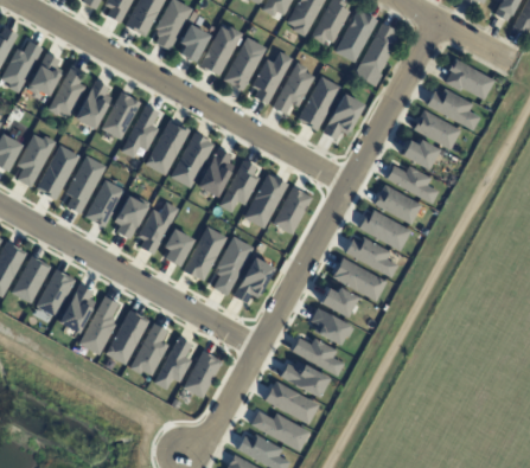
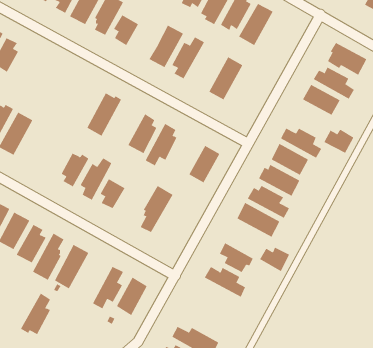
building: [357,23,400,85] -> none
building: [199,26,242,75] -> none
building: [273,62,315,114] -> none
building: [47,64,85,116] -> none
building: [75,79,111,128] -> none
building: [101,91,141,139] -> none
building: [323,94,363,140] -> none
building: [121,105,159,158] -> none
building: [170,132,213,187] -> none
building: [401,139,439,169] -> [324,129,354,154]
building: [65,154,106,213] -> none
building: [243,174,288,227] -> none
building: [84,179,124,227] -> none
building: [181,225,226,281] -> none
building: [232,256,274,303] -> none
building: [320,287,358,318] -> [259,247,290,272]
building: [129,322,167,374] -> [20,293,51,335]
building: [280,360,330,397] -> none
building: [264,380,319,424] -> none

